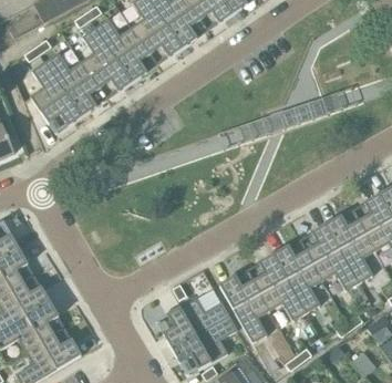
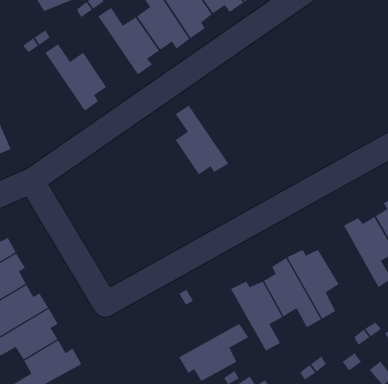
building: [82,27,133,93] -> [175,105,229,175]
building: [31,61,83,127] -> none
building: [303,224,360,290] -> none
building: [163,299,229,348] -> none

